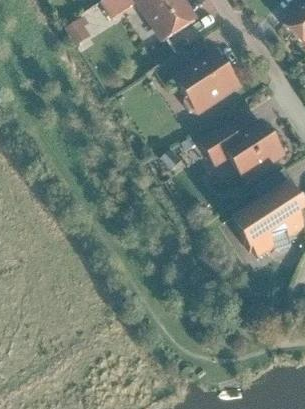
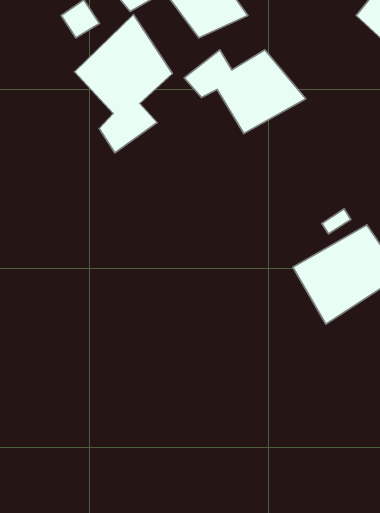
building: none -> [75,15,173,153]
building: [197,117,288,182] -> none

